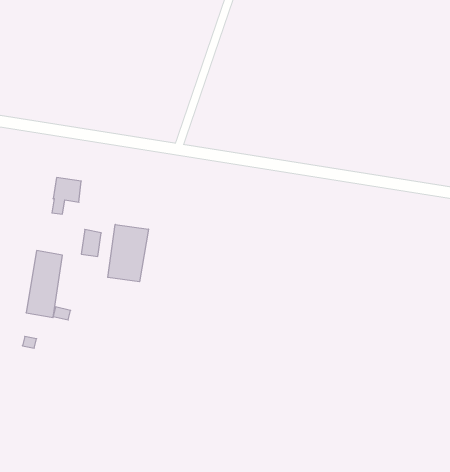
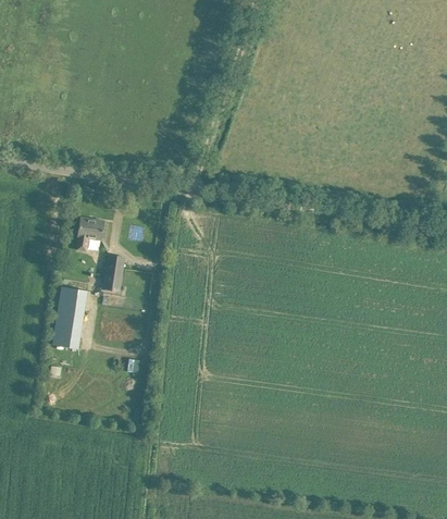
building: [108,224,148,282] -> none

